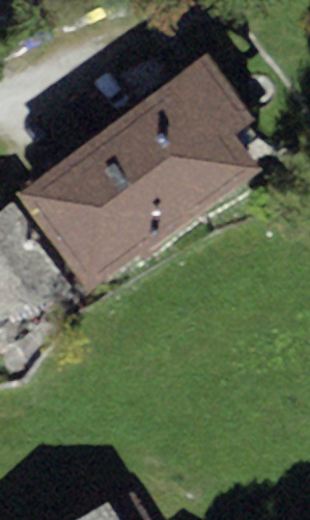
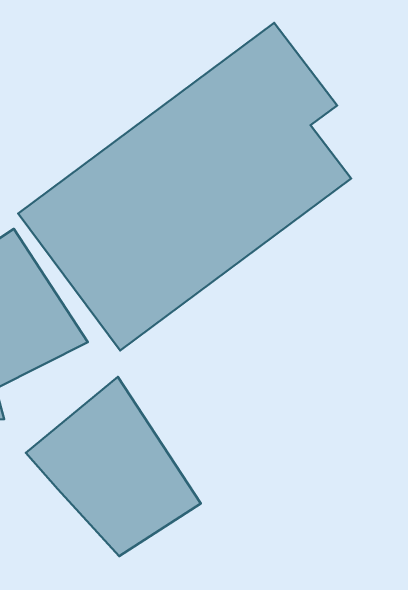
building: none -> [26,377,201,556]

